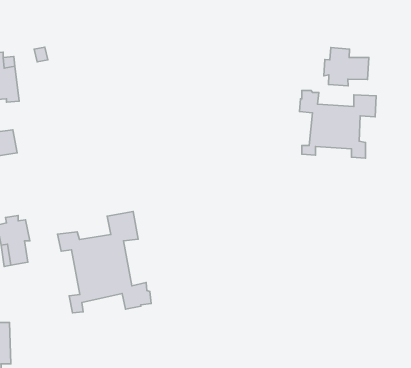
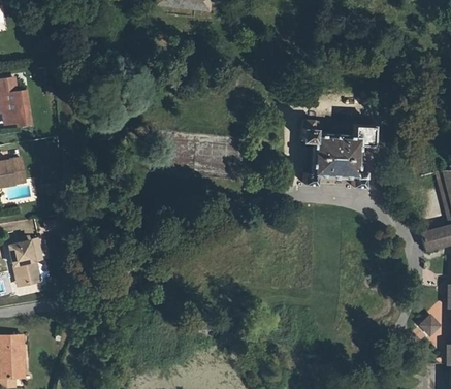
building: [324,47,369,86] -> none
building: [58,212,151,313] -> none

